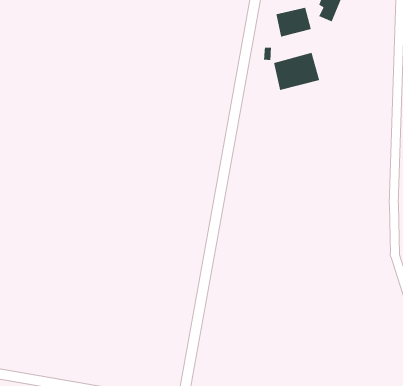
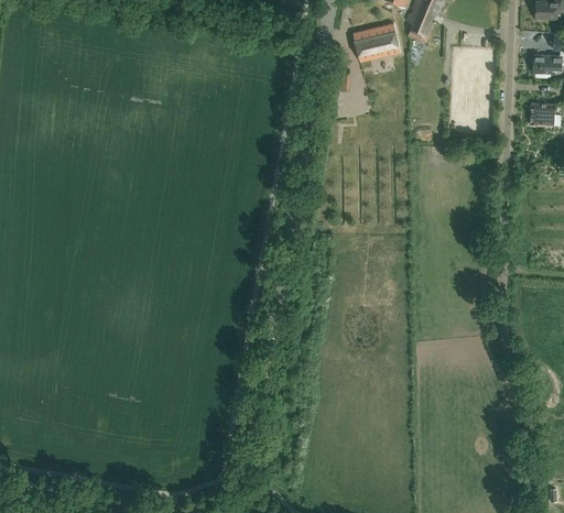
building: [273,52,320,91] -> none

